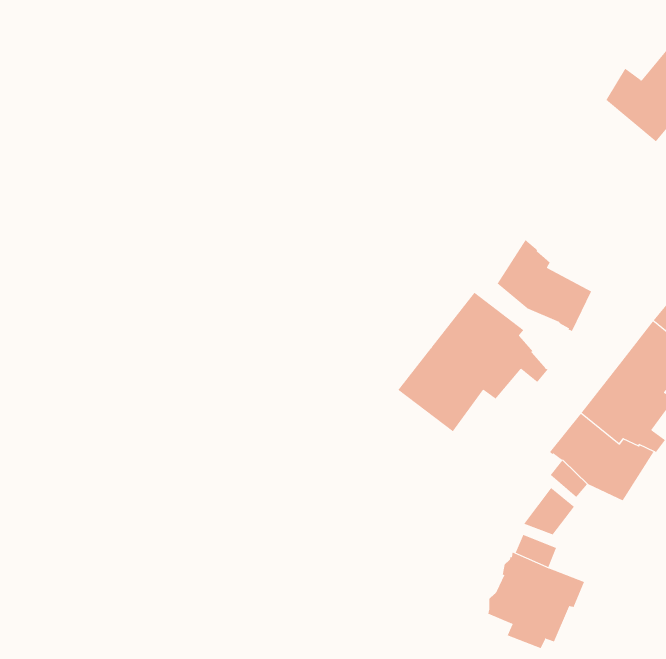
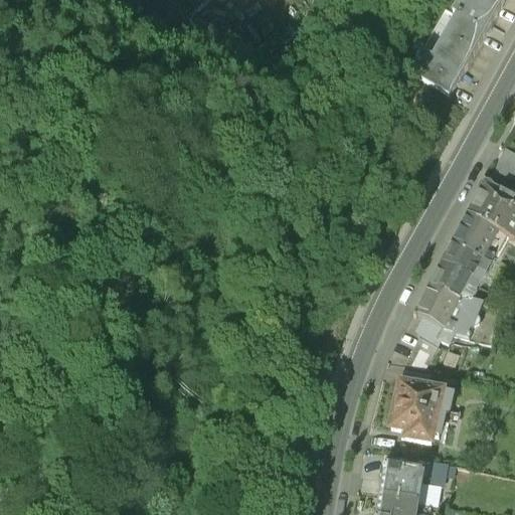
building: [497,239,592,332] -> none
building: [397,292,549,432] -> none

